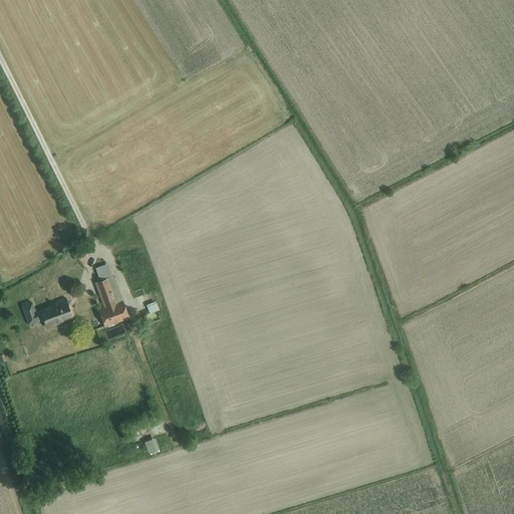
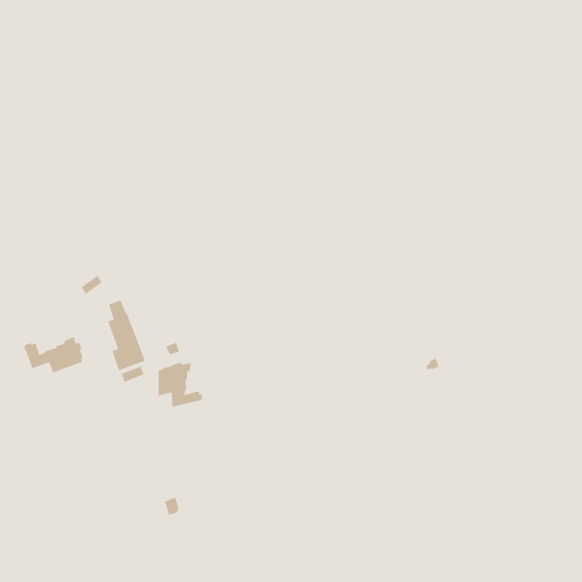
building: none -> [158,361,203,407]

